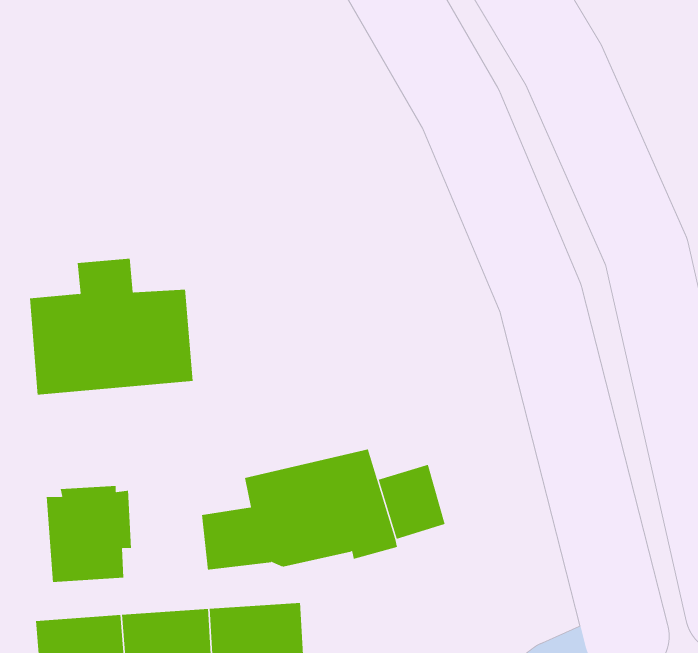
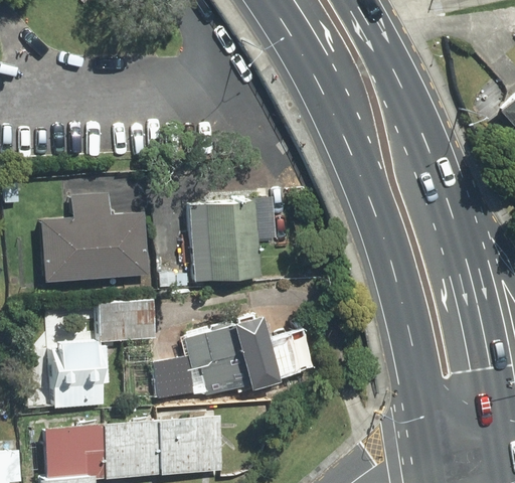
building: none -> [189,198,276,282]
building: none -> [98,301,153,340]

